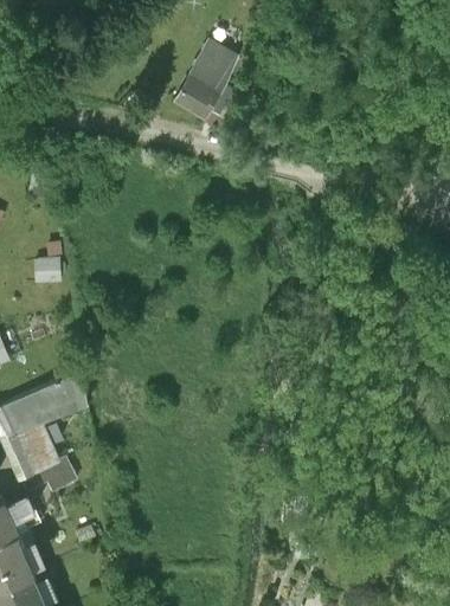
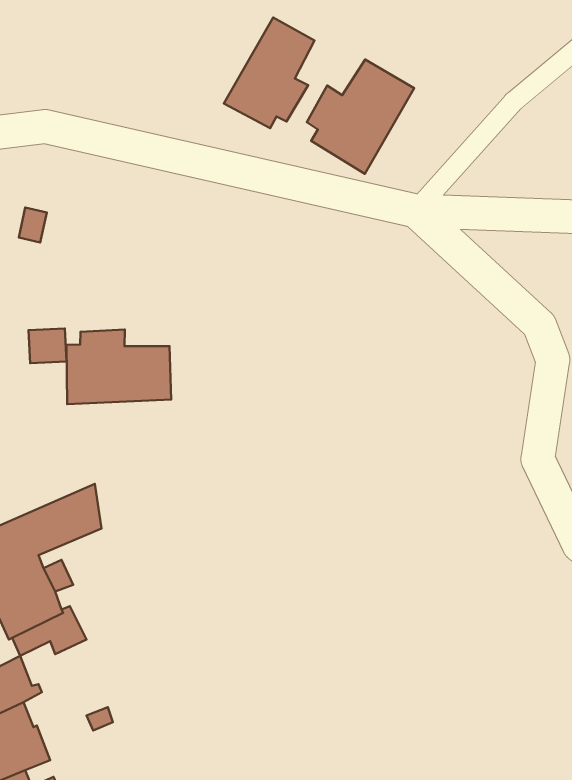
building: none -> [307,59,414,174]
building: none -> [66,329,171,404]

